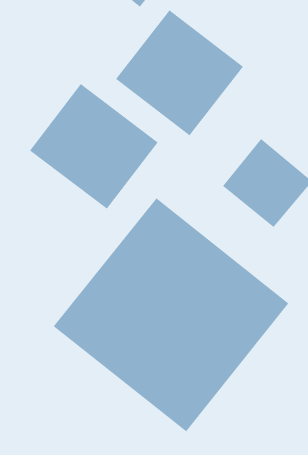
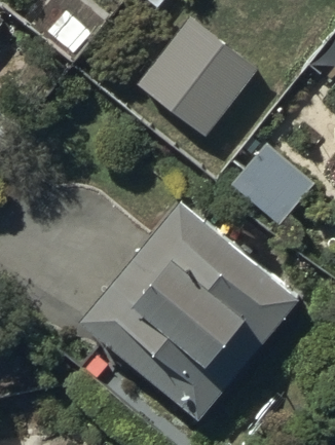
building: [29,83,159,210] -> none

